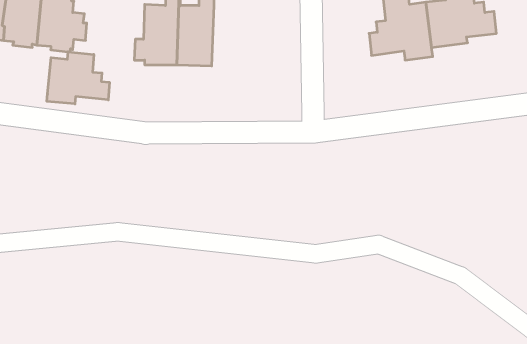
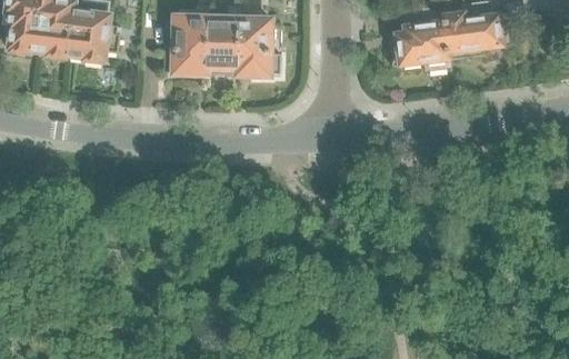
building: none -> [238,18,280,77]
building: [47,52,109,104] -> none

